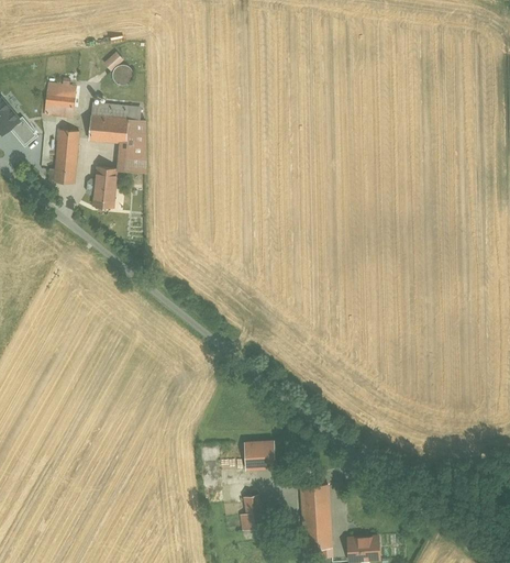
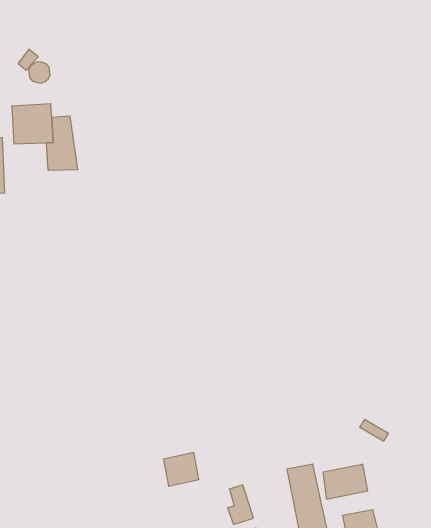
building: [93,167,118,208] -> none
building: [245,441,276,470] -> [163,452,199,486]
building: none -> [323,464,368,499]

